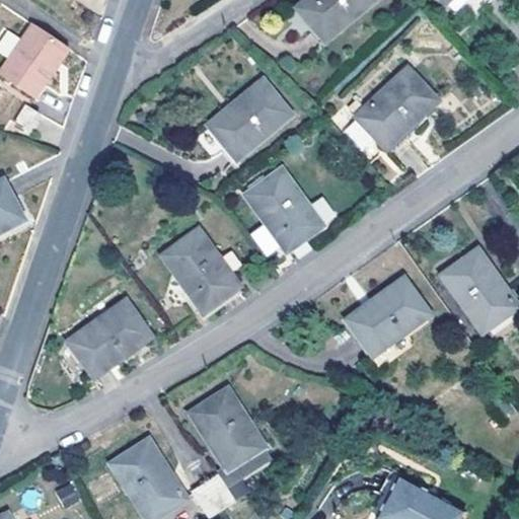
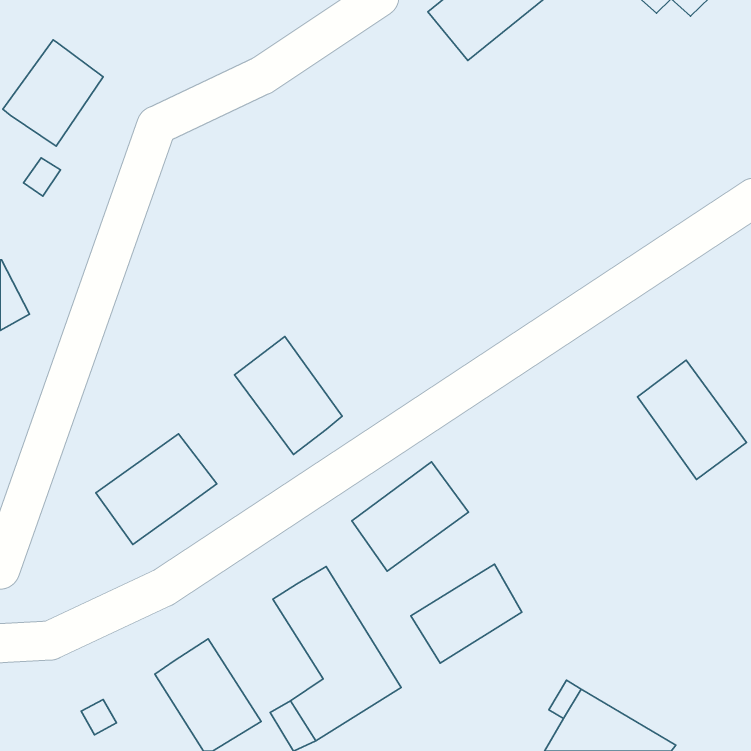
building: [356,71,435,148] -> none
building: [207,82,287,160] -> none
building: [245,170,319,248] -> none
building: [346,278,426,353] -> [352,462,468,571]
building: none -> [411,564,522,663]

